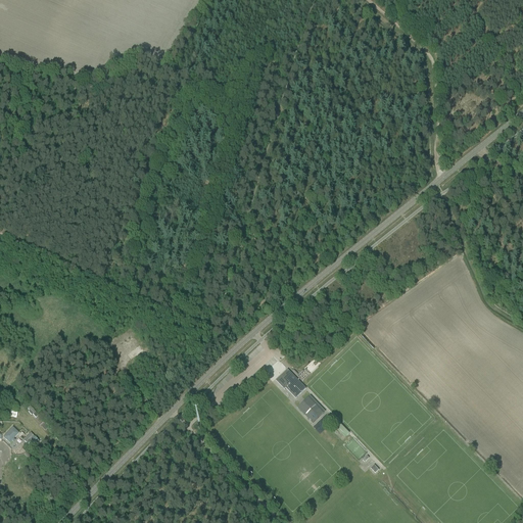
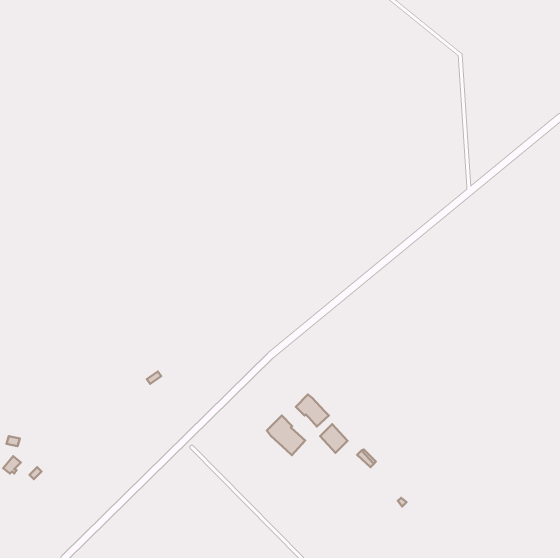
building: none -> [267,416,305,455]

